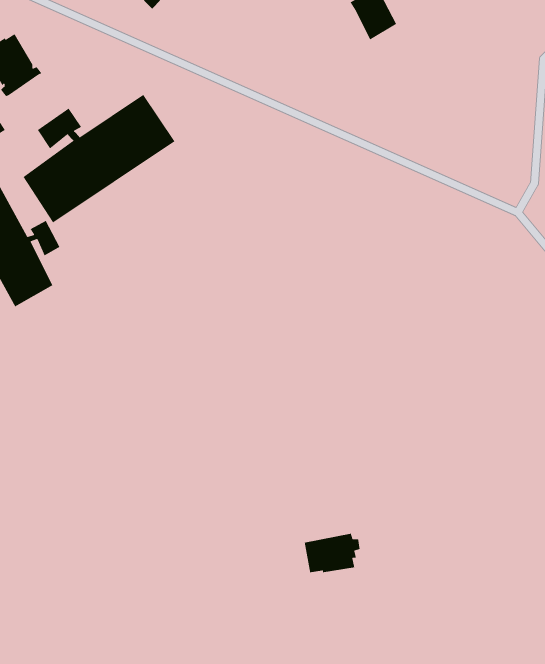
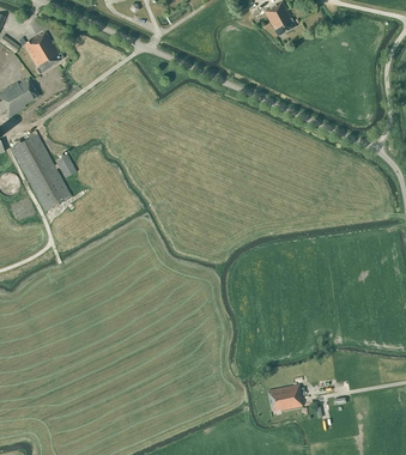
building: [23,94,176,224] -> none
building: [304,533,361,573] -> [267,383,304,410]

